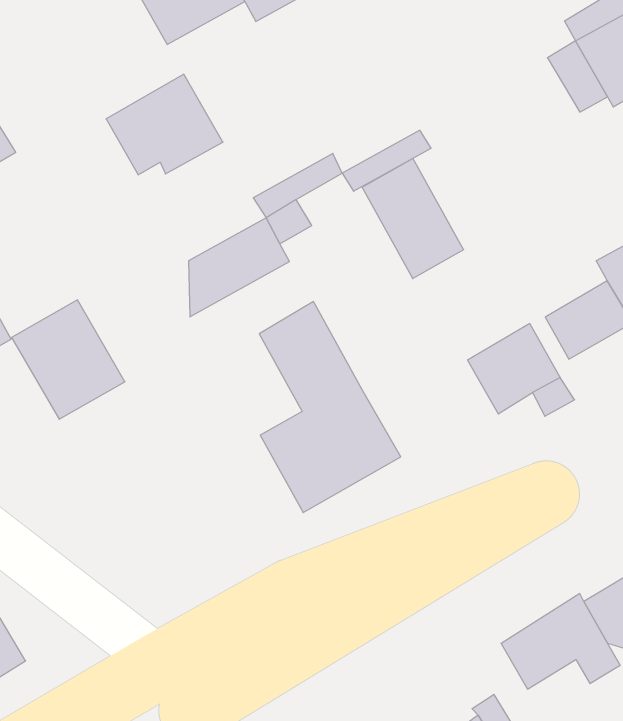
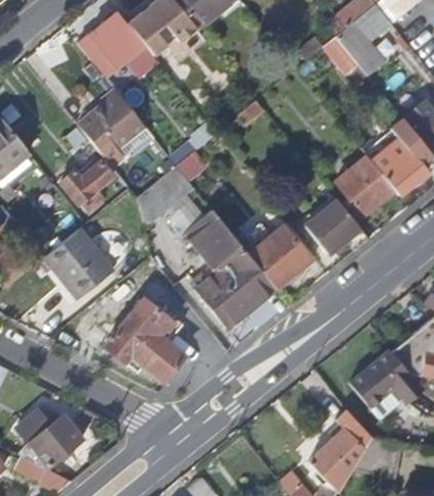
building: [362,158,464,279] -> none
building: none -> [62,161,115,211]
building: none -> [248,226,311,288]
building: none -> [106,299,186,381]

